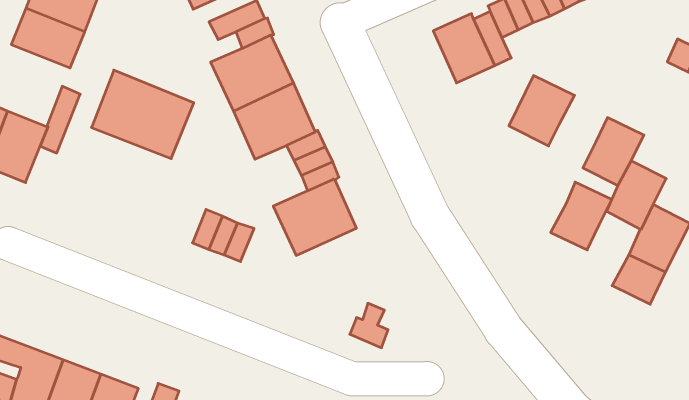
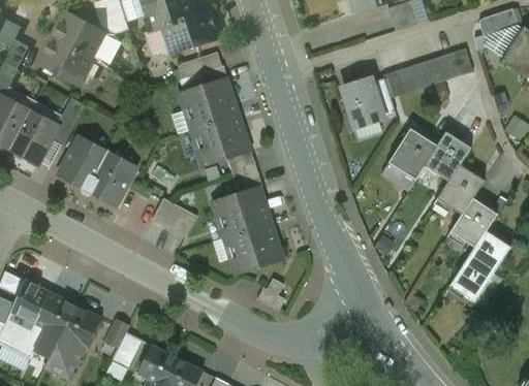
building: [91,70,194,159] -> [59,136,134,204]
building: [551,182,612,250] -> [424,131,470,181]
building: none -> [224,223,281,274]

